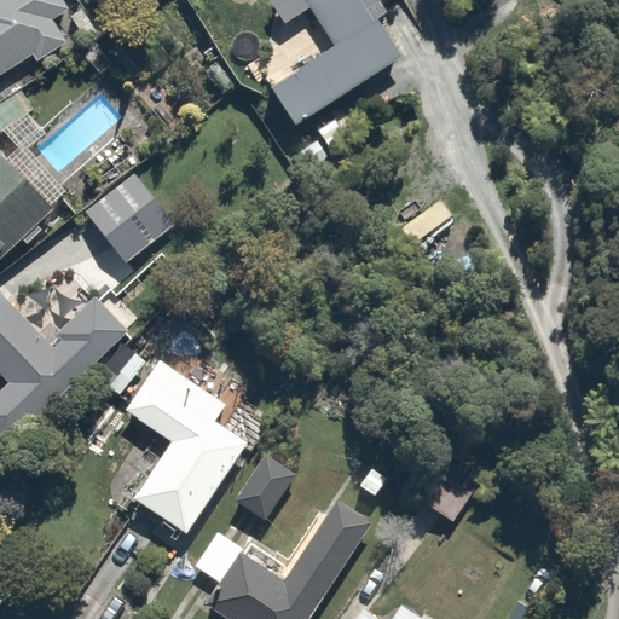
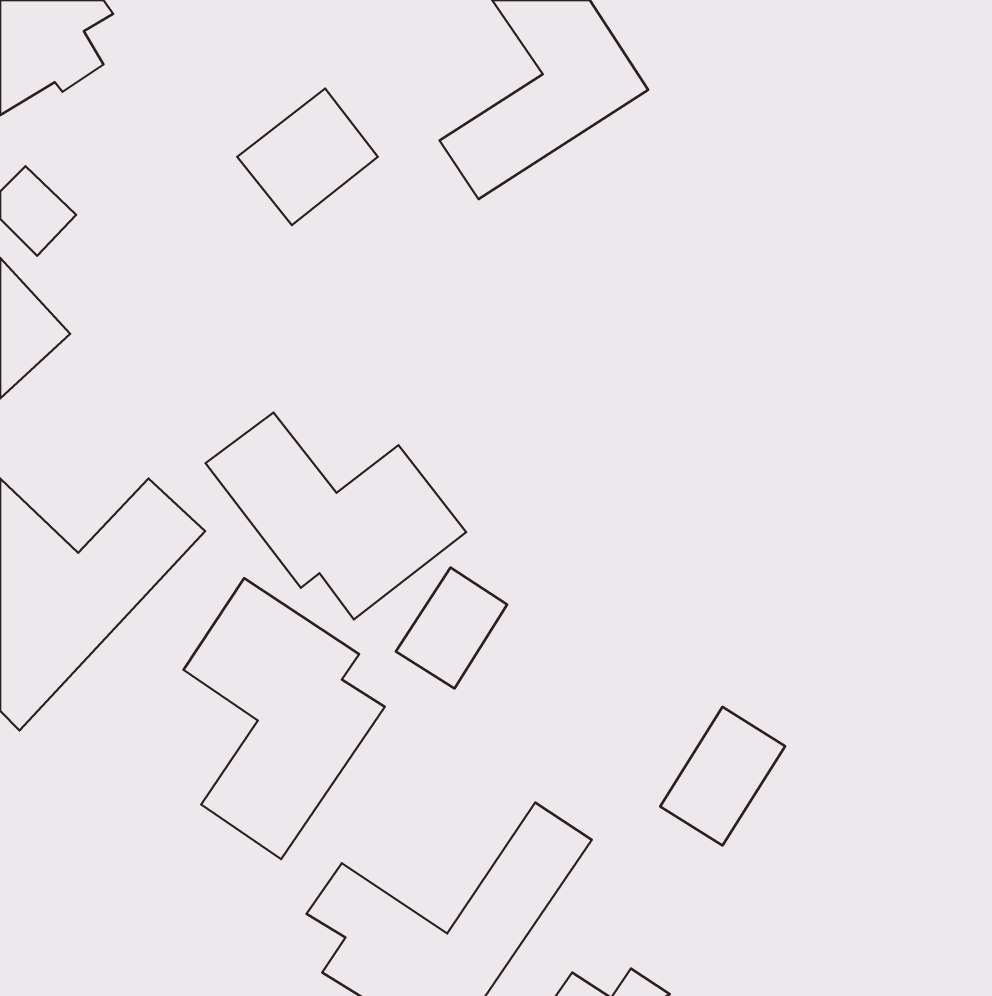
building: [81,167,168,251] -> [237,88,378,225]
building: none -> [205,412,466,619]
building: [230,449,299,523] -> [396,568,507,689]

